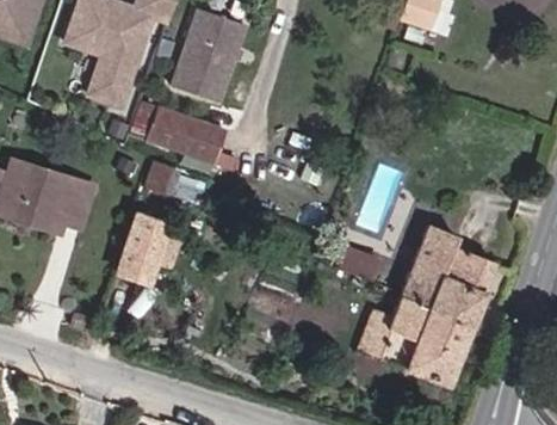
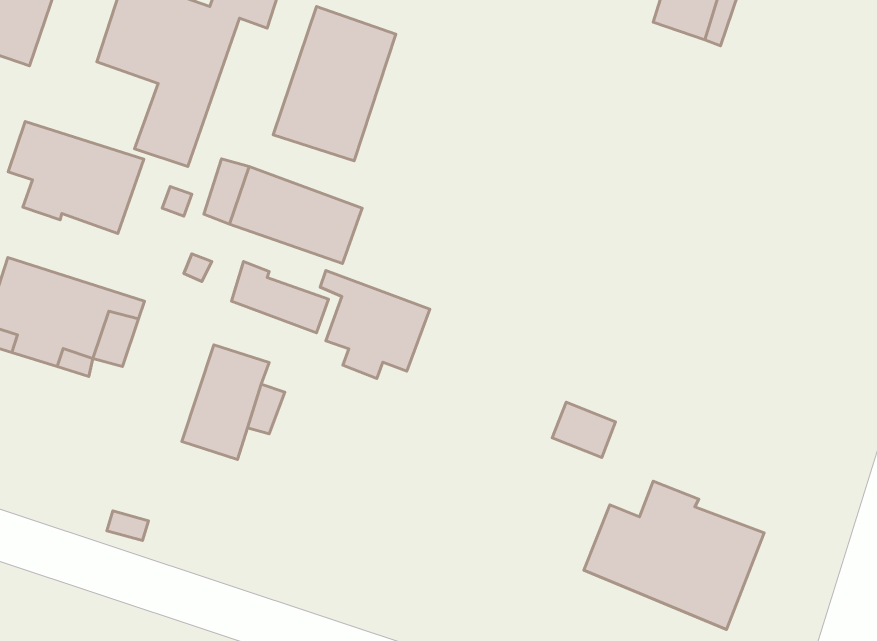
building: none -> [8,121,144,234]
building: none -> [320,271,430,379]
building: [401,226,493,326] -> none

